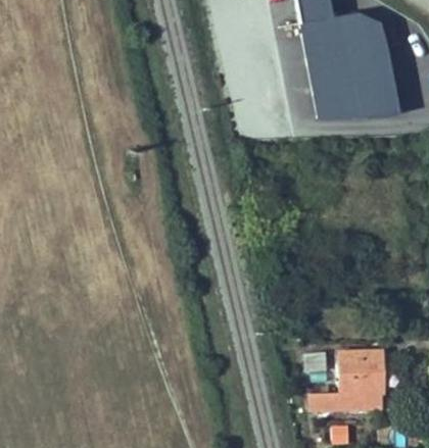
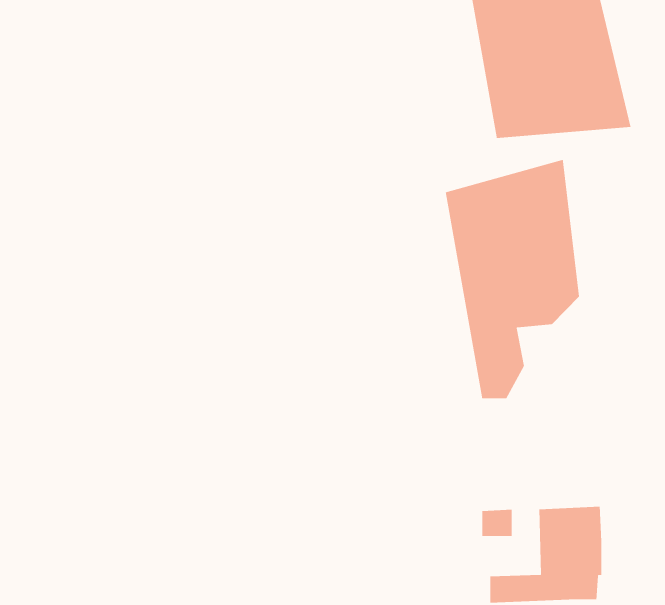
building: none -> [445,159,580,399]

